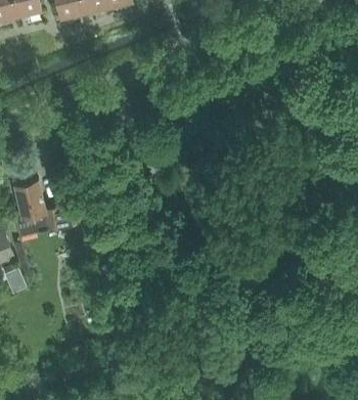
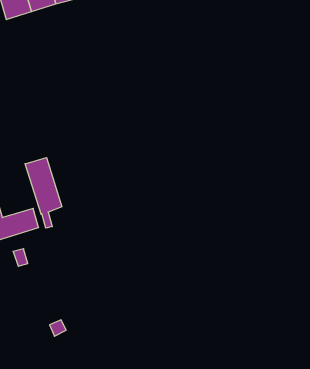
building: none -> [25,158,62,228]

